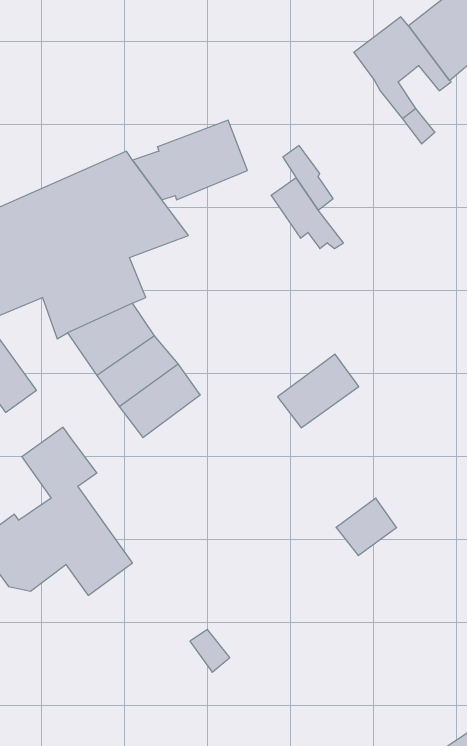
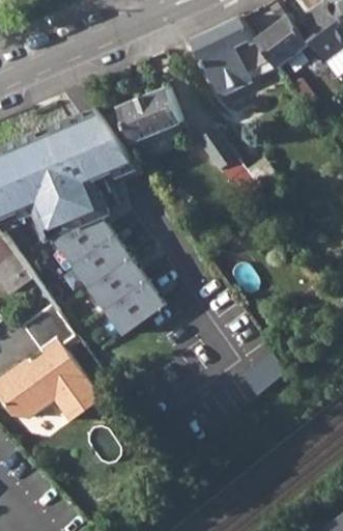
building: none -> [191,18,269,97]
building: [278,354,359,428] -> [107,282,164,334]

